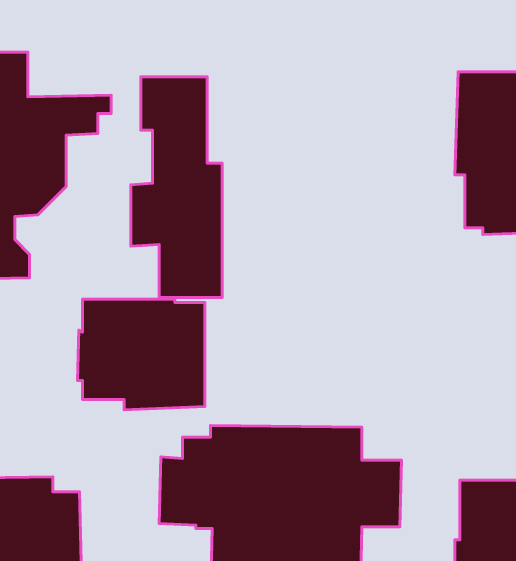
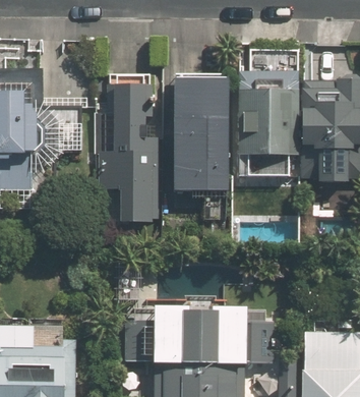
building: none -> [241,73,298,195]
building: none -> [176,77,230,188]
building: [77,299,205,410] -> none

